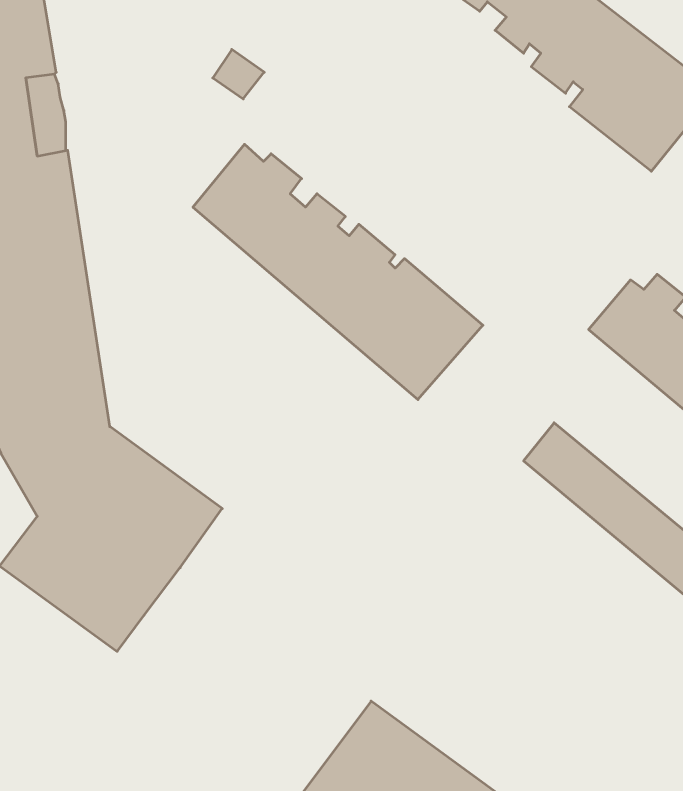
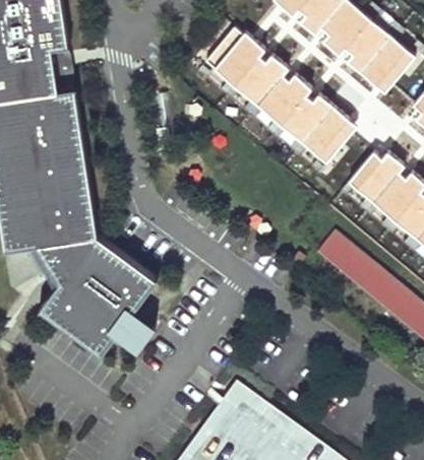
building: [193,144,483,400] -> [205,29,360,166]
building: none -> [115,309,156,349]

